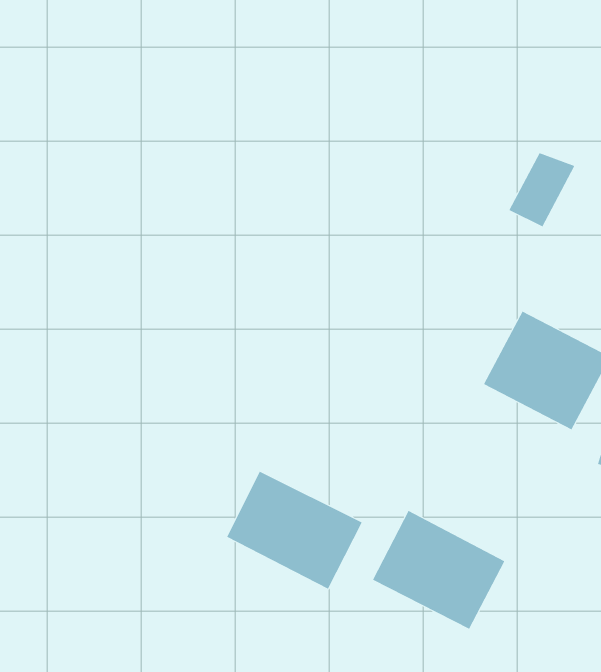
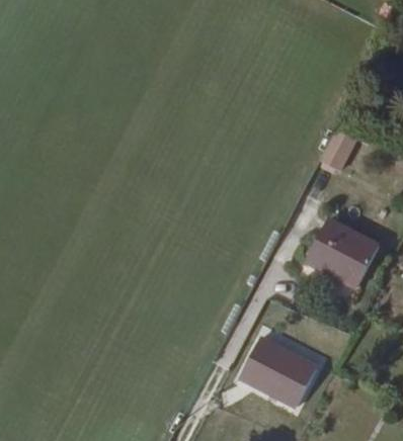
building: [227,471,363,589] -> none

